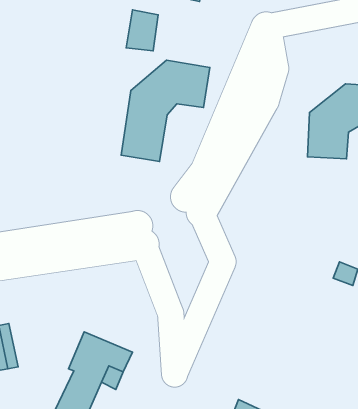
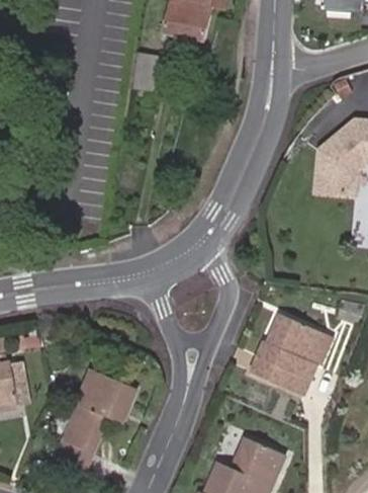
building: [121,60,210,161] -> none
building: none -> [253,314,333,394]

